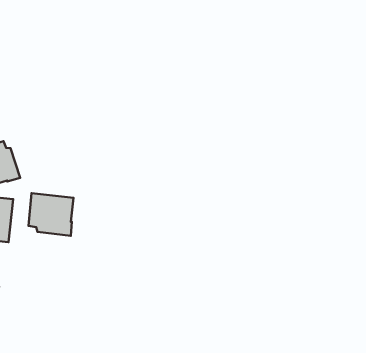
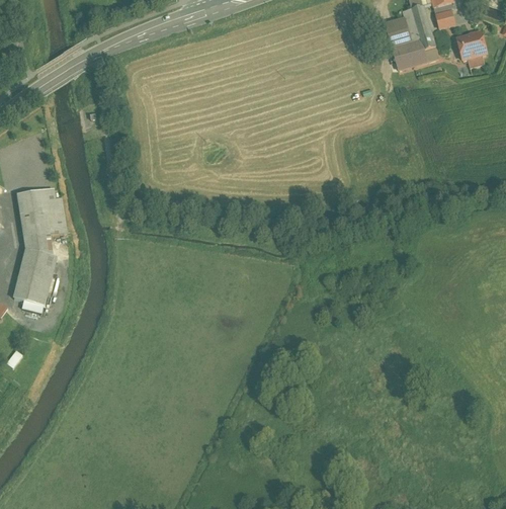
building: [29,193,73,236] -> none

